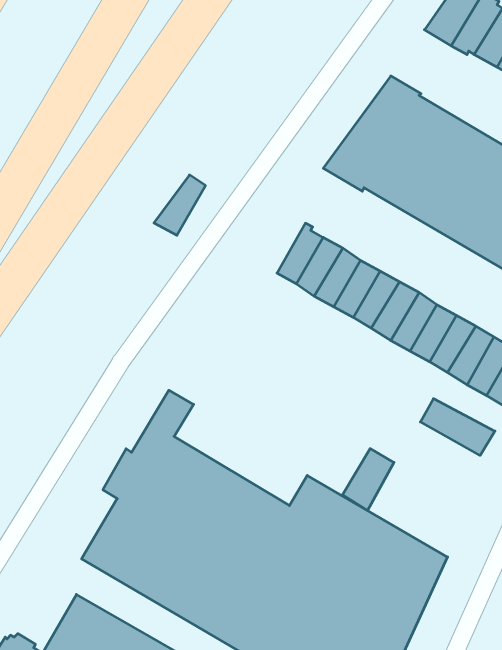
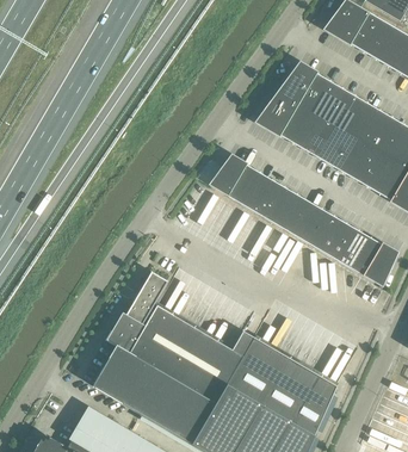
building: [154,175,205,235] -> [209,154,243,194]
building: [420,399,495,455] -> none
building: [343,449,394,510] -> none

